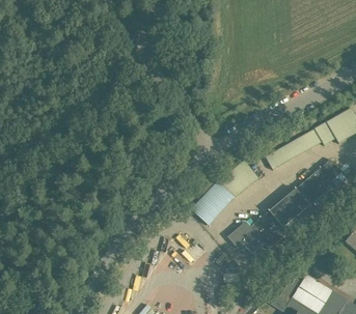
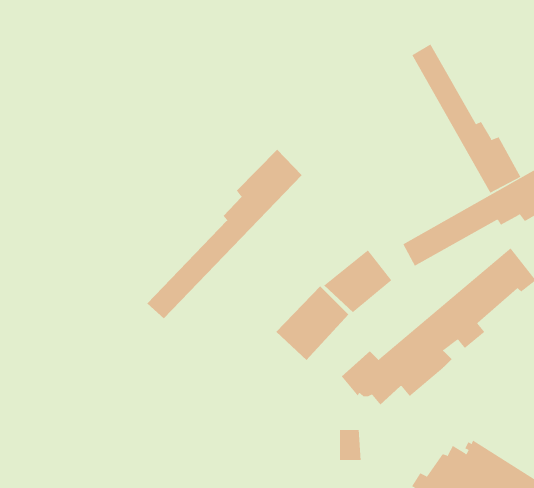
building: none -> [412,43,521,193]
building: none -> [147,149,303,319]

